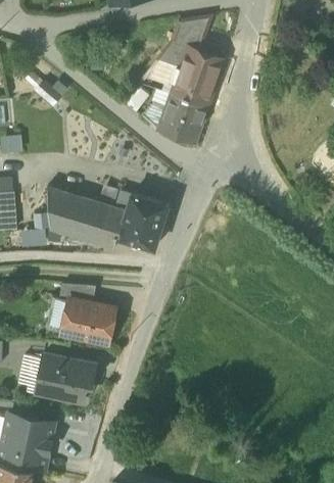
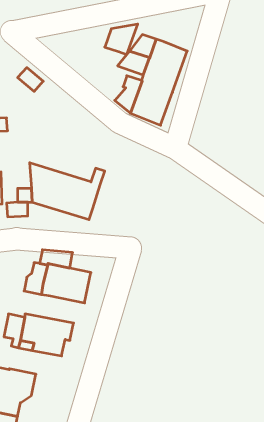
building: [175,16,211,50] -> [105,24,138,54]
building: [120,194,170,247] -> none

